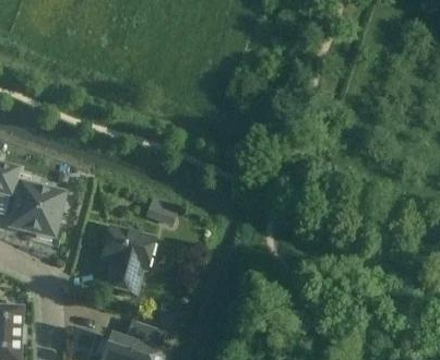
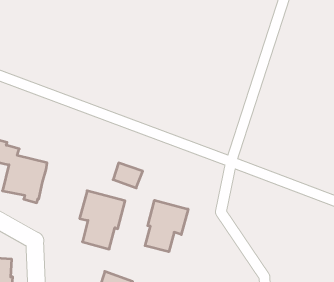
building: none -> [145,200,188,252]

